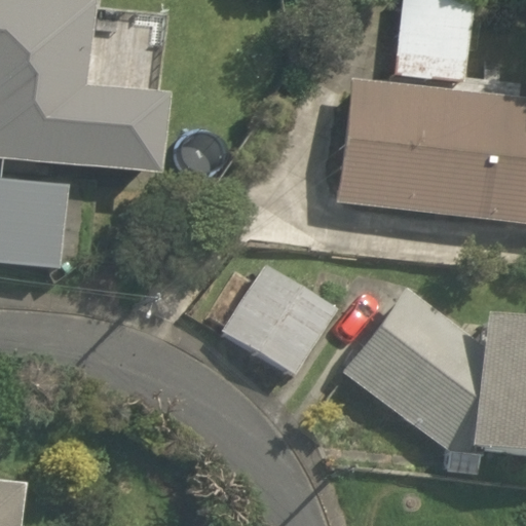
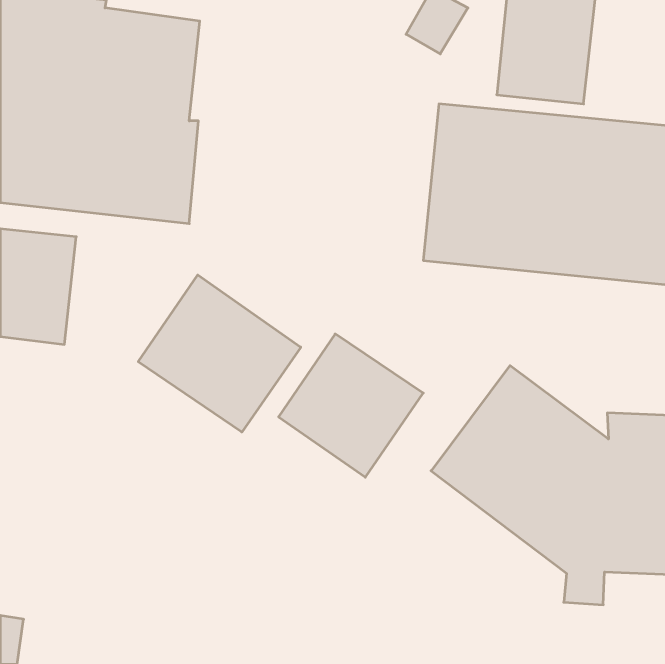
building: none -> [138,275,301,432]

